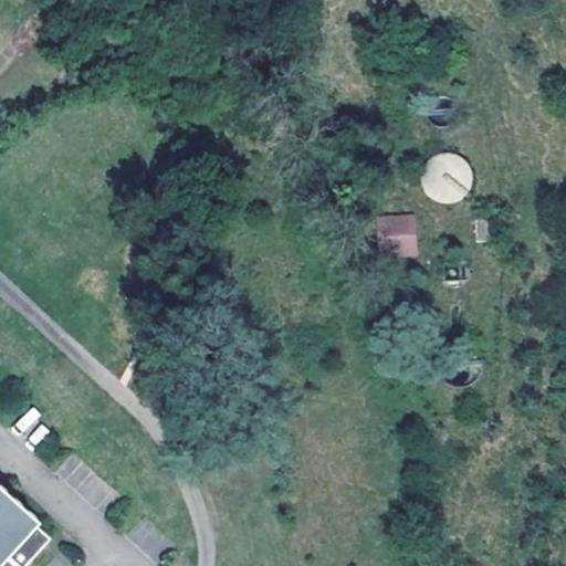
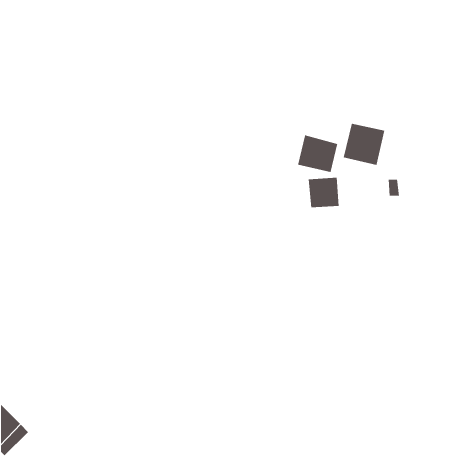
building: none -> [298,135,338,173]

